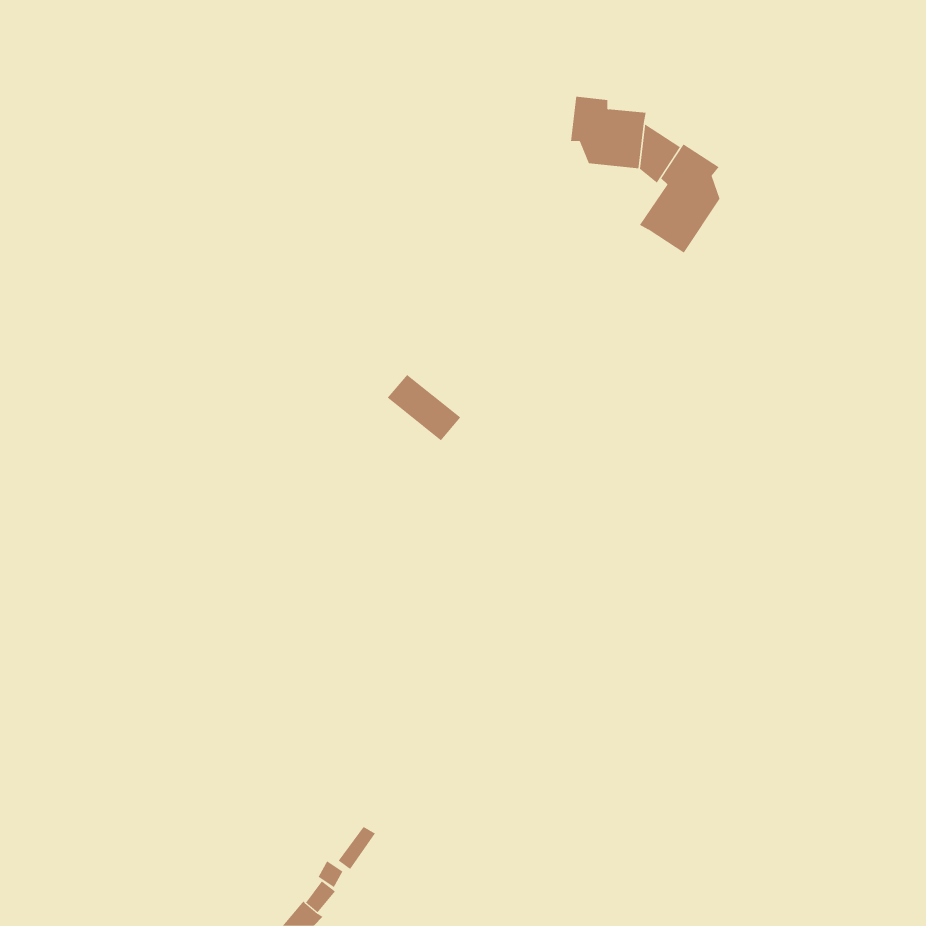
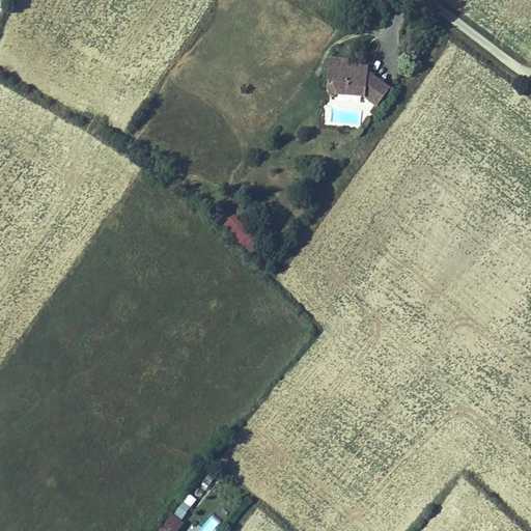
building: [639,143,720,253] -> none

